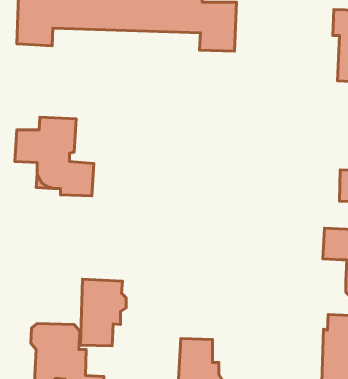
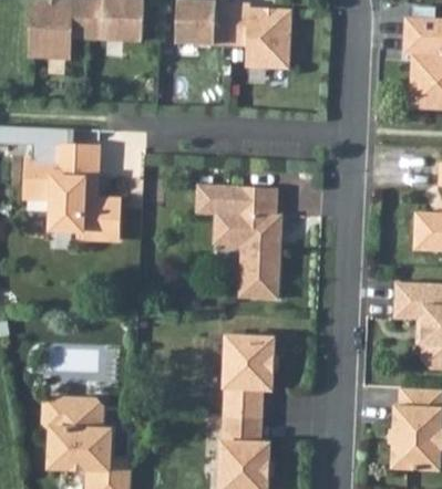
building: none -> [196,185,282,300]
building: [81,279,126,346] -> [224,334,278,414]

